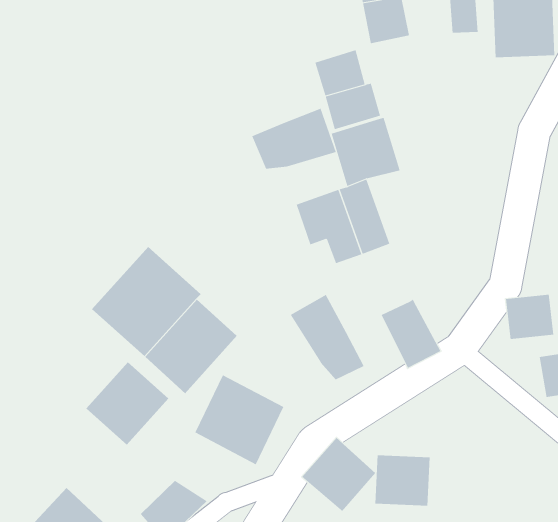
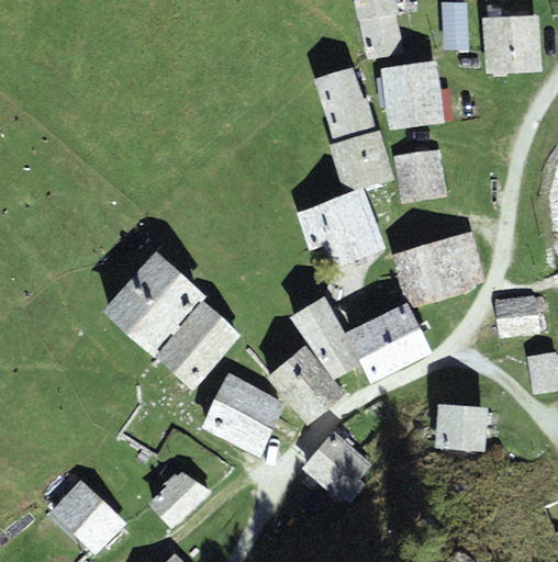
building: none -> [381,60,445,128]
building: [252,108,336,169] -> none
building: none -> [394,148,447,202]
building: none -> [392,231,486,306]
building: none -> [345,315,402,382]
building: none -> [267,344,346,425]
building: [86,361,169,446] -> none
building: [375,455,430,506] -> [435,403,488,451]

